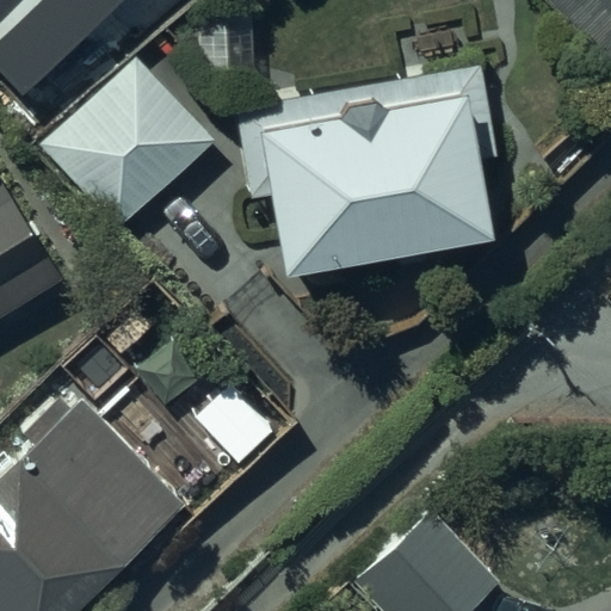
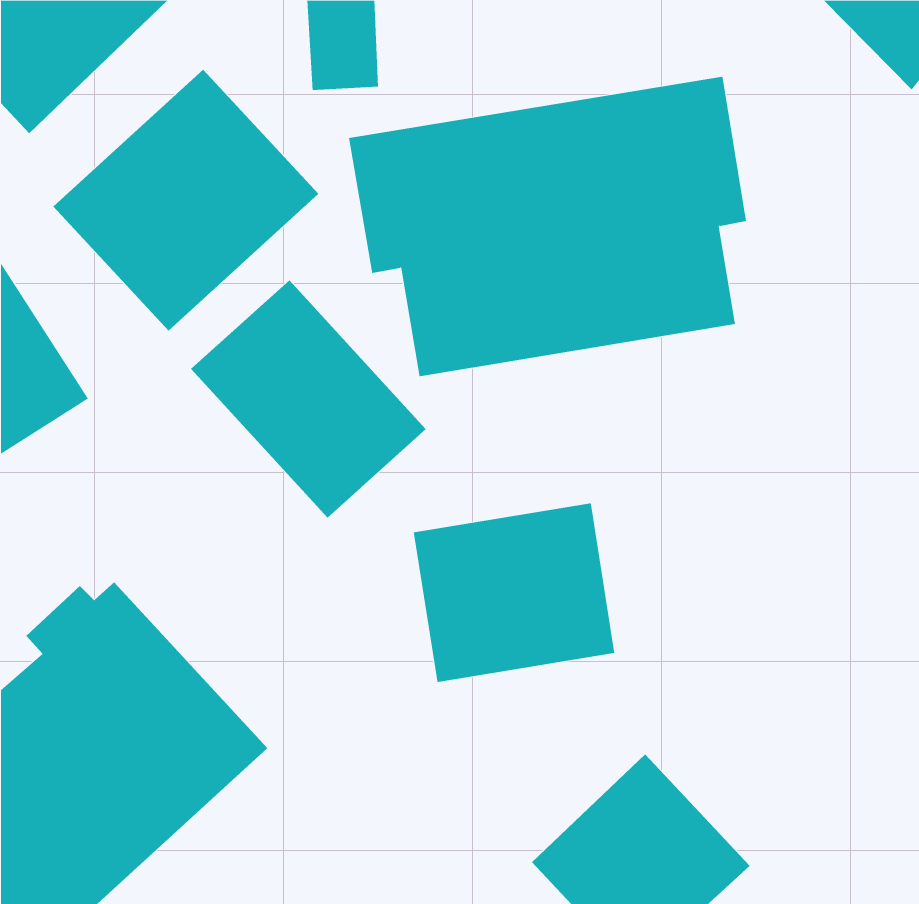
building: none -> [190,279,427,518]
building: none -> [413,503,615,683]

